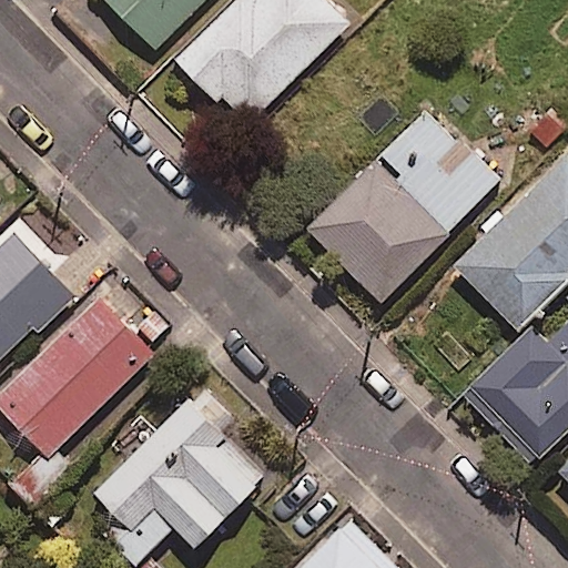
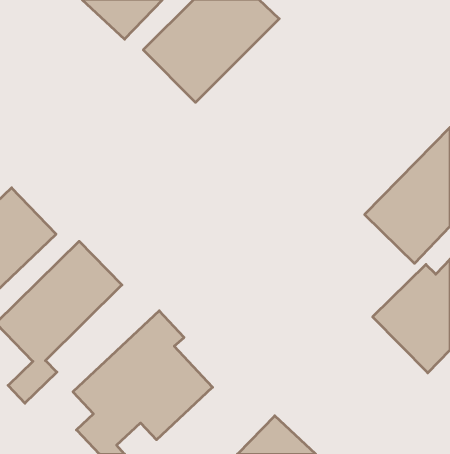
building: [308,108,499,302] -> none

